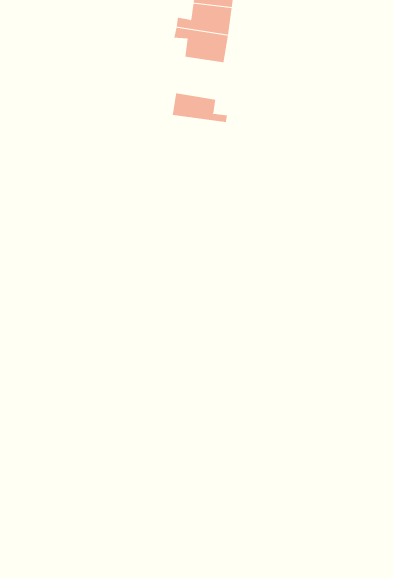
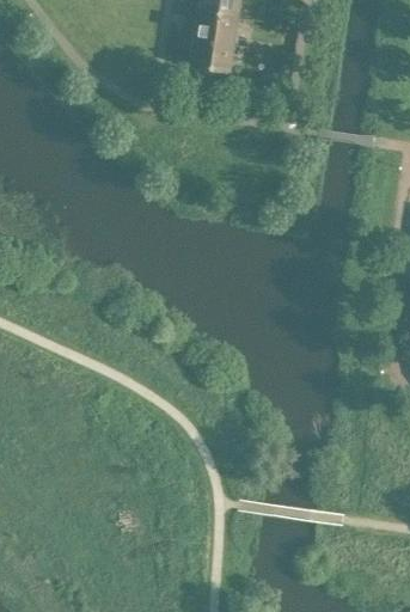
building: [172,93,227,123] -> none

